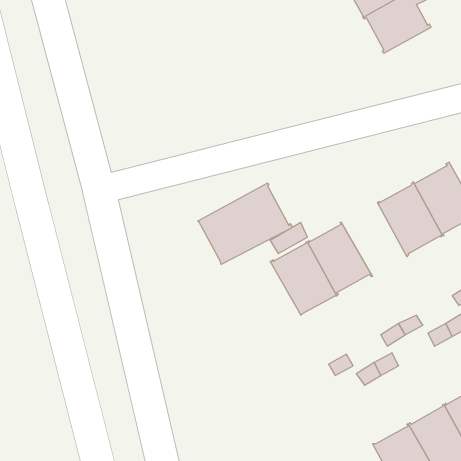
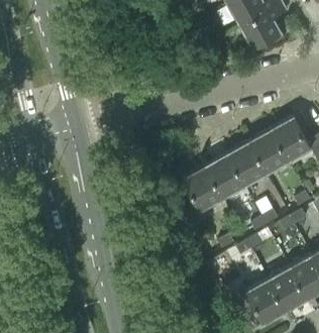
building: [198,183,292,264] -> none
building: none -> [226,141,267,187]

